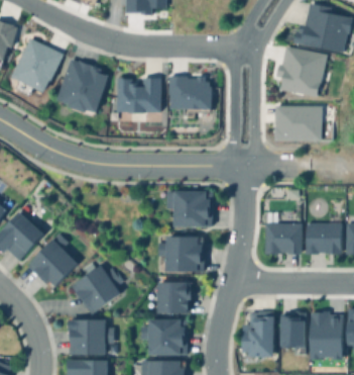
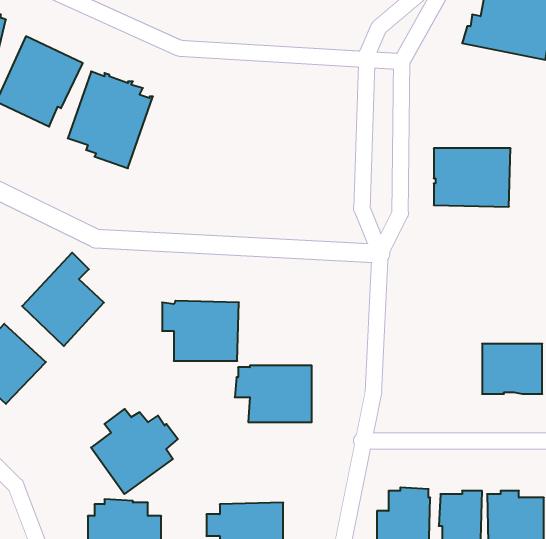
building: [277,46,328,98] -> none
building: [169,77,212,110] -> none
building: [116,78,160,113] -> none
building: [165,191,212,227] -> [162,301,239,361]
building: [265,224,302,255] -> none
building: [26,233,76,290] -> [22,253,104,346]
building: [149,283,191,314] -> none

